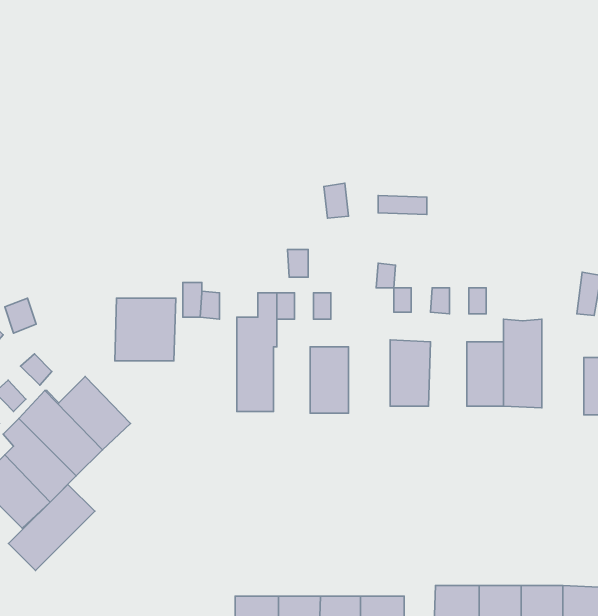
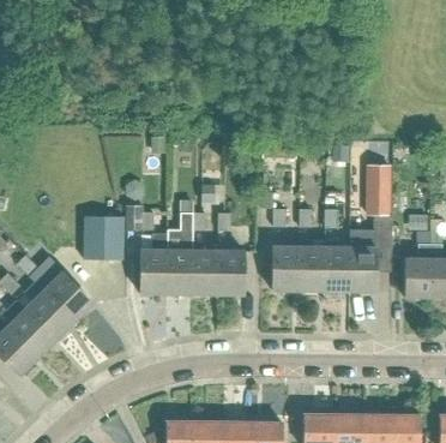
building: none -> [366,164,391,216]
building: none -> [140,234,167,294]
building: none -> [299,246,325,291]
building: none -> [192,250,217,295]
building: [9,484,95,570] -> none

